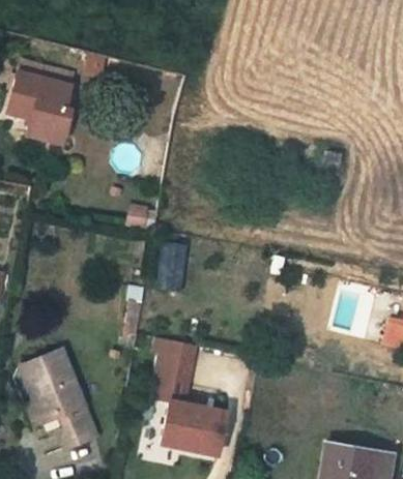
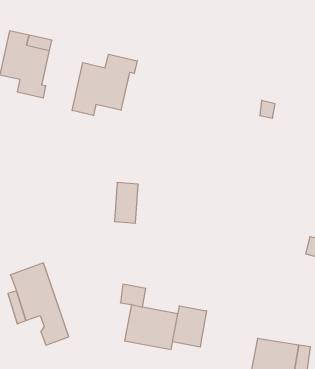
building: none -> [72,54,137,116]
building: [156,337,197,379] -> none
building: none -> [173,306,207,347]

